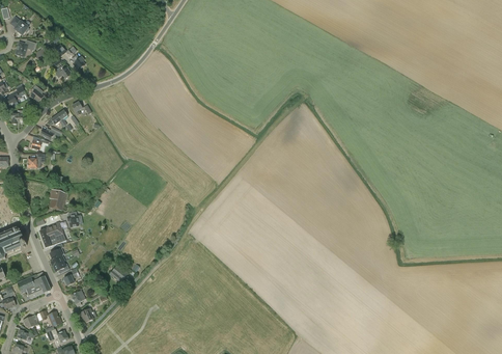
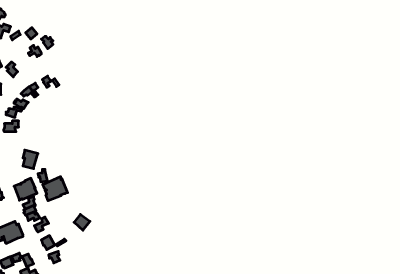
building: none -> [43,177,68,201]

